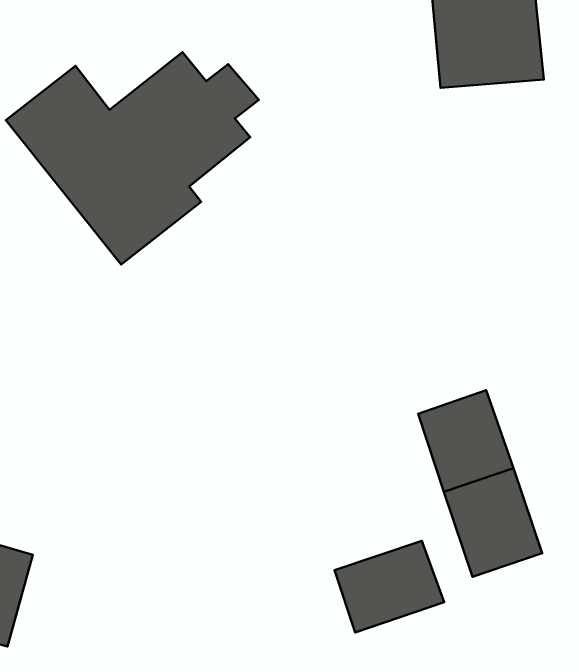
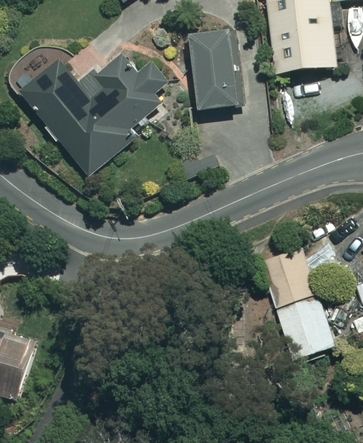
building: none -> [186,29,243,109]
building: [334,541,444,632] -> none

